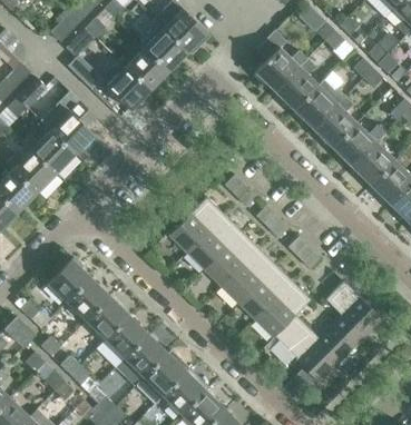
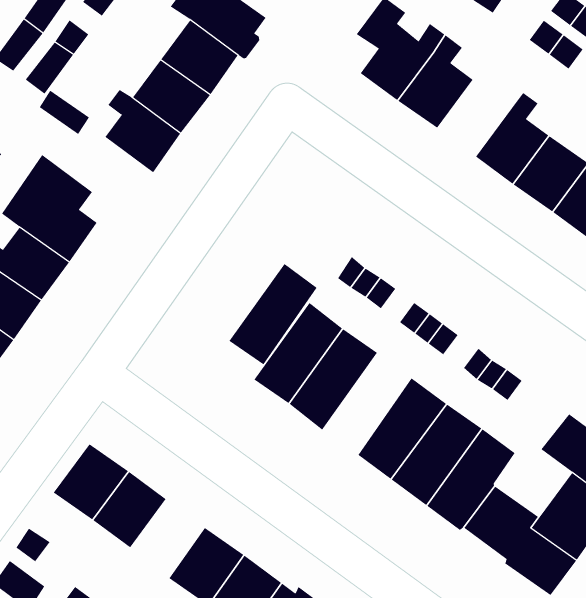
building: [294,80,345,129] -> none
building: [204,231,258,287] -> [229,263,318,365]
building: [86,296,129,340] -> none

